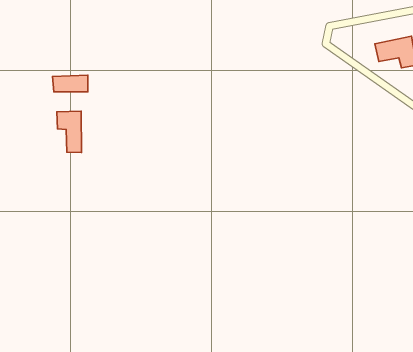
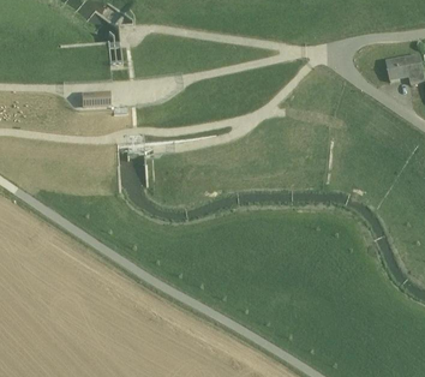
building: [57,111,82,152] -> none

